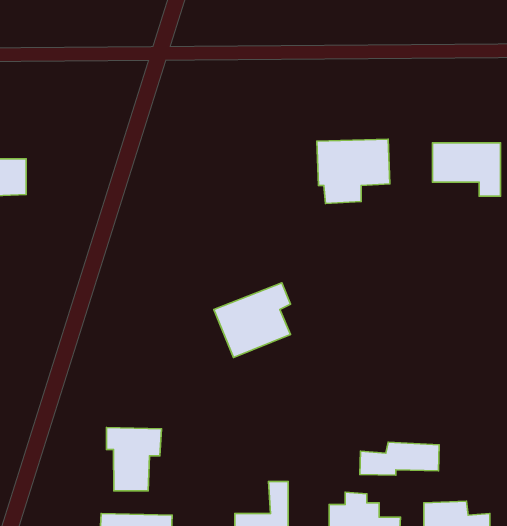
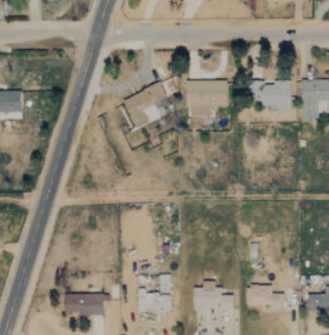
building: [214,283,291,358] -> [122,84,166,127]
building: [106,427,161,491] -> none
building: [360,442,439,475] -> none

